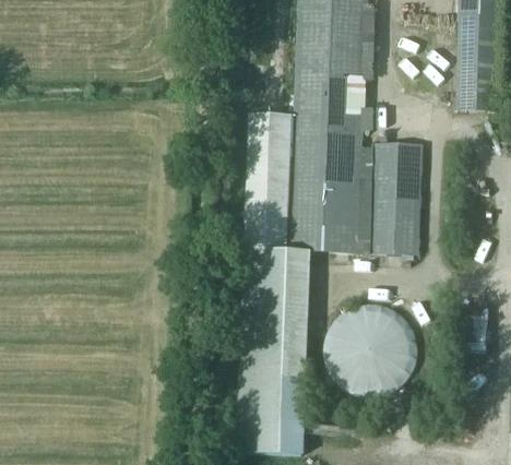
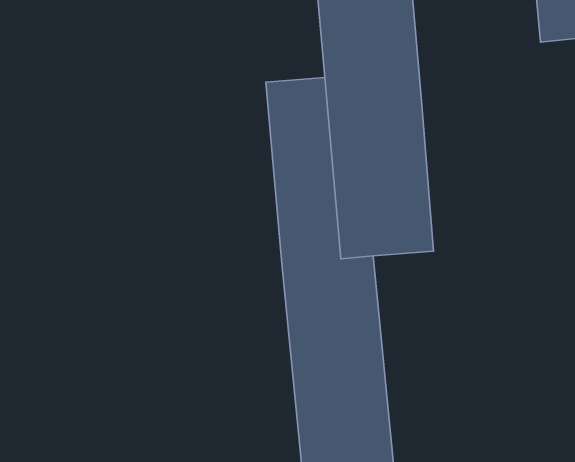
building: [369,141,421,254] -> none
building: [324,305,417,397] -> none

